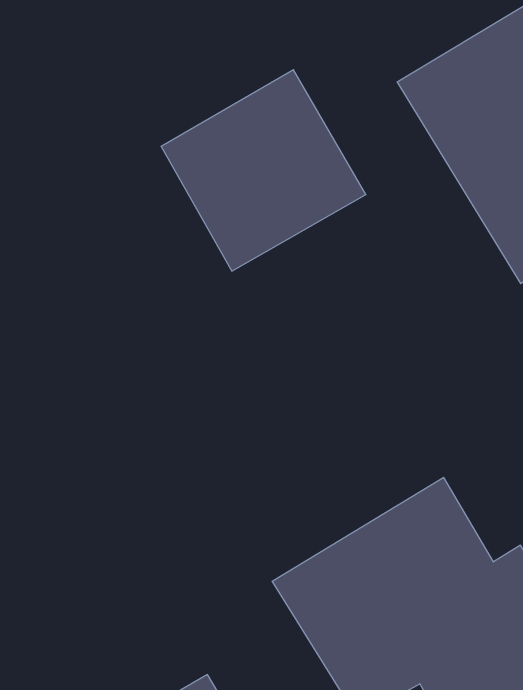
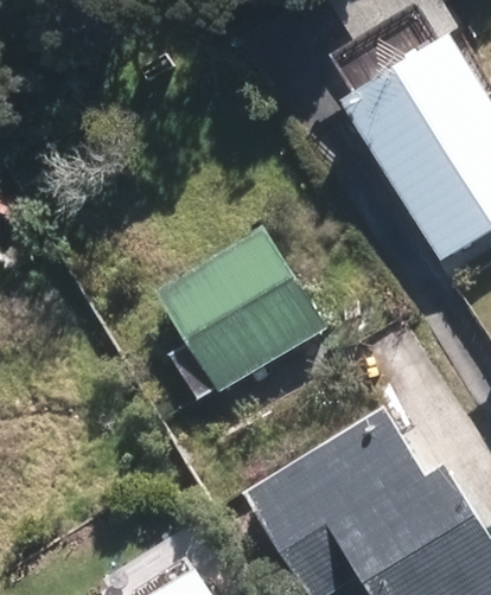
building: [161,70,366,271] -> [159,230,320,389]

